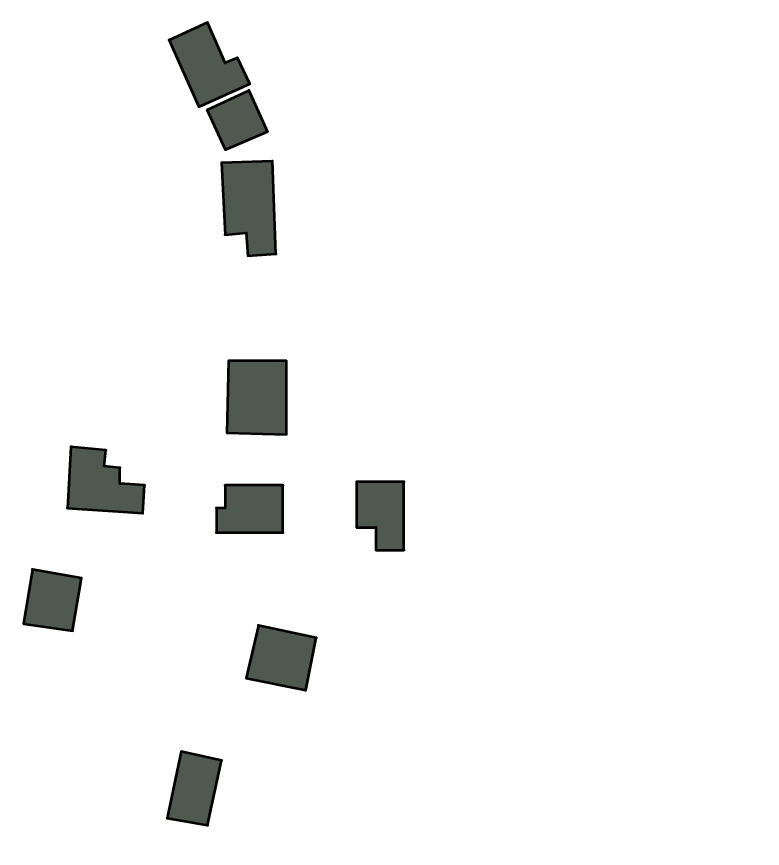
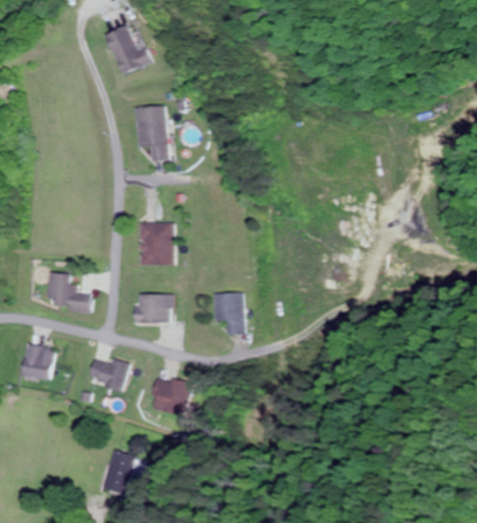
building: [207,90,267,150] -> none
building: none -> [88,354,130,390]

